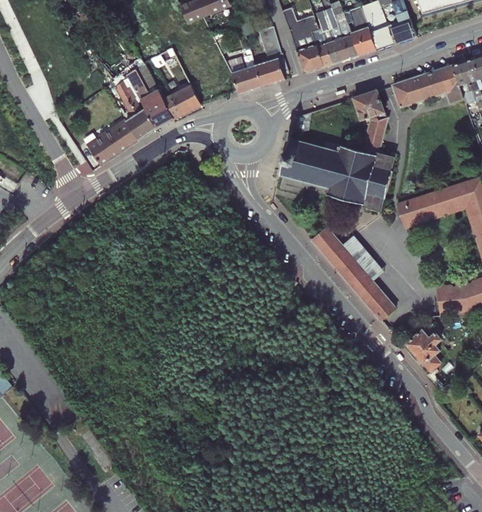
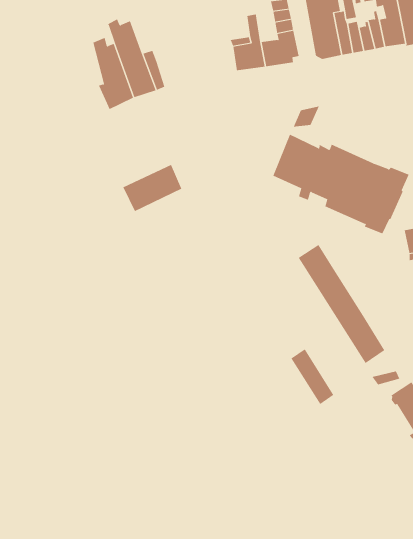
building: [170,84,200,114] -> none
building: [353,90,386,155] -> none
building: [86,121,136,165] -> [122,164,182,212]
building: [343,235,384,280] -> [290,349,334,405]

